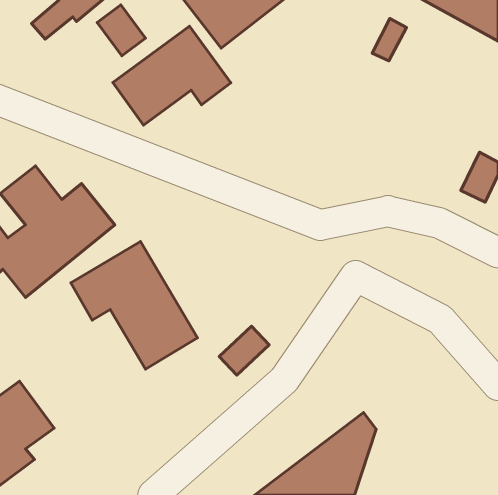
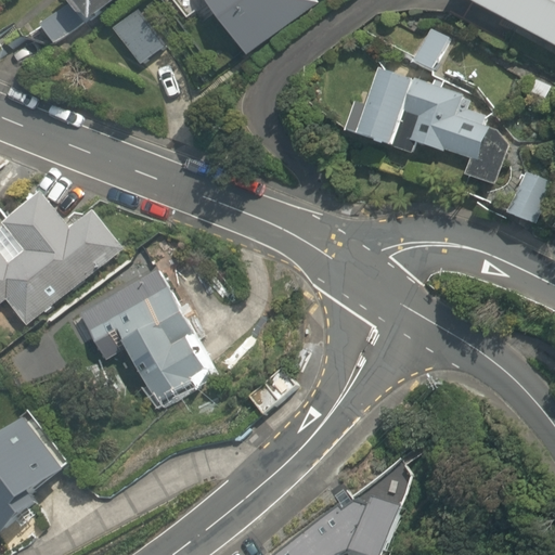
building: [113,26,231,125] -> none
building: none -> [343,69,511,182]

